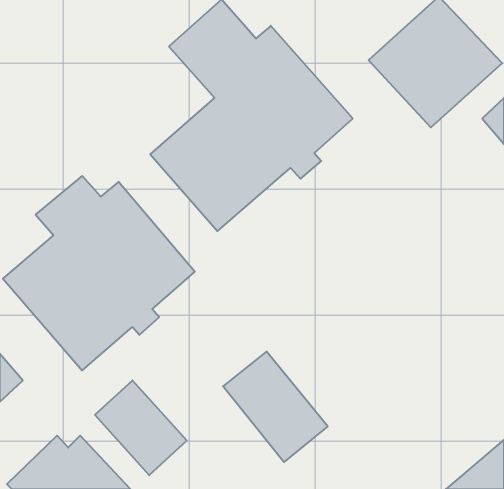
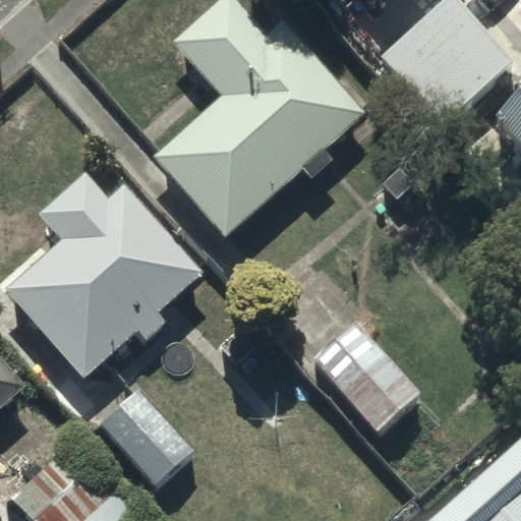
building: [223,352,328,462] -> [315,319,423,432]

